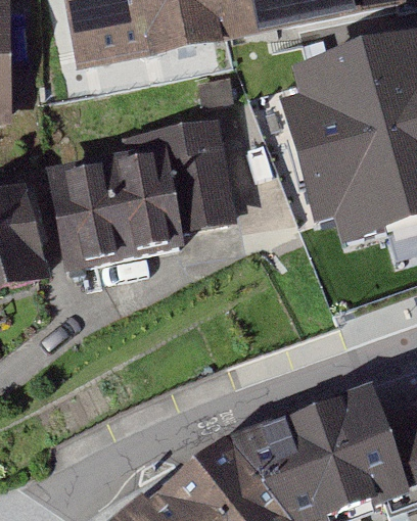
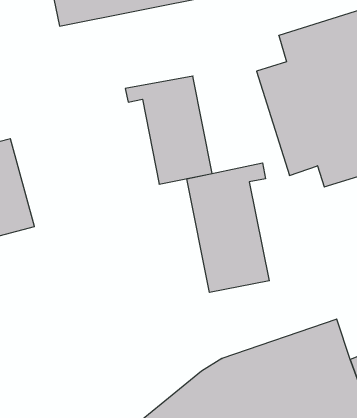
building: [46,145,185,273] -> none
building: none -> [187,163,269,292]

